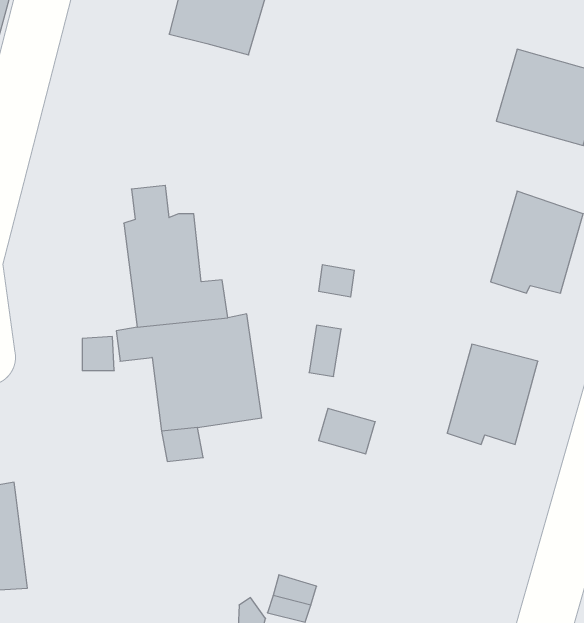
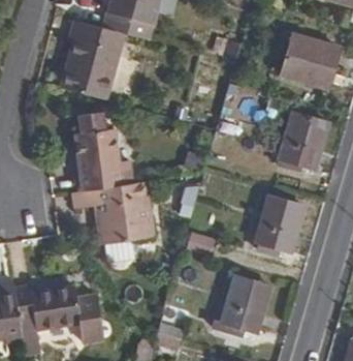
building: none -> [62,20,122,96]
building: none -> [219,276,268,333]
building: none -> [18,278,104,342]

